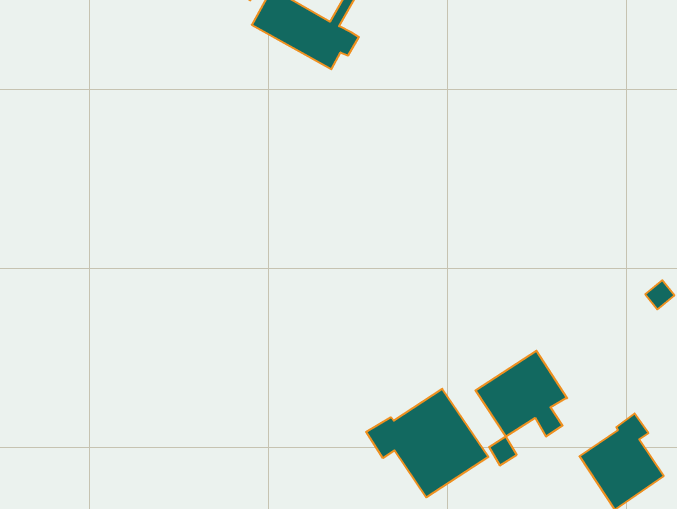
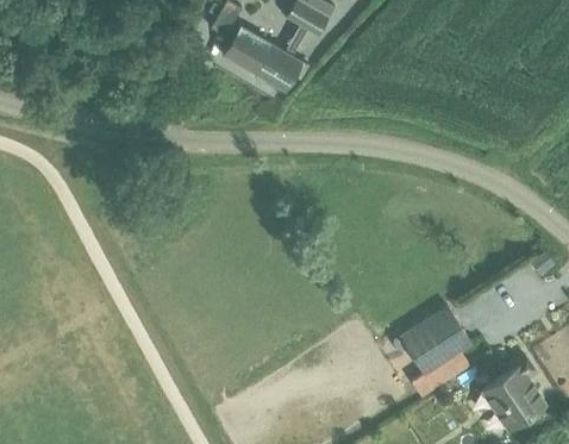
building: [366,389,488,497] -> none

